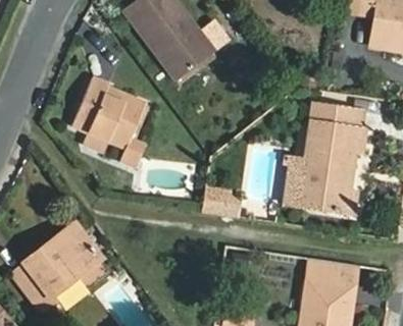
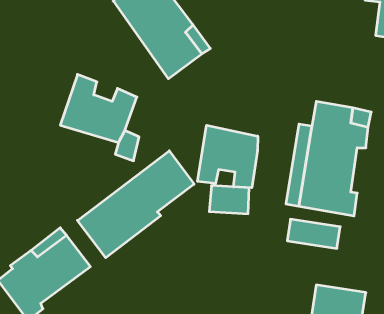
building: none -> [198,125,258,188]
building: none -> [77,151,194,258]
building: [312,259,362,286] -> [287,219,340,248]

